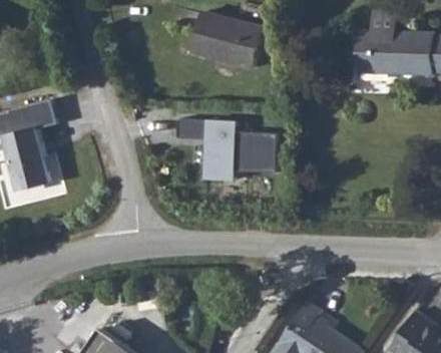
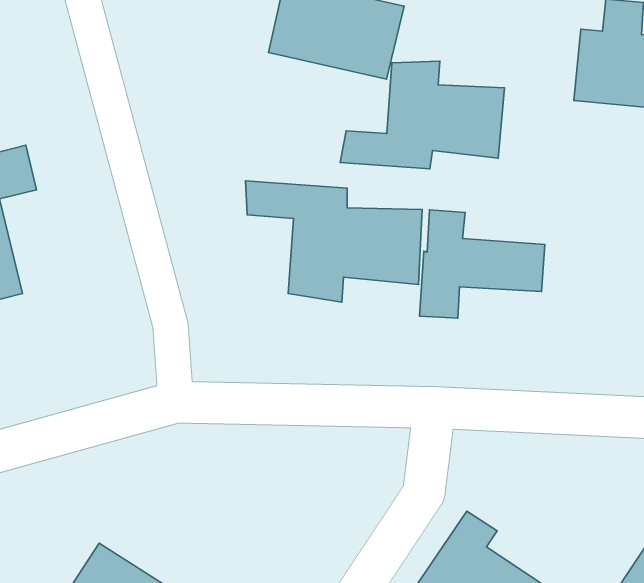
building: none -> [340,61,505,169]
building: none -> [419,210,545,318]

